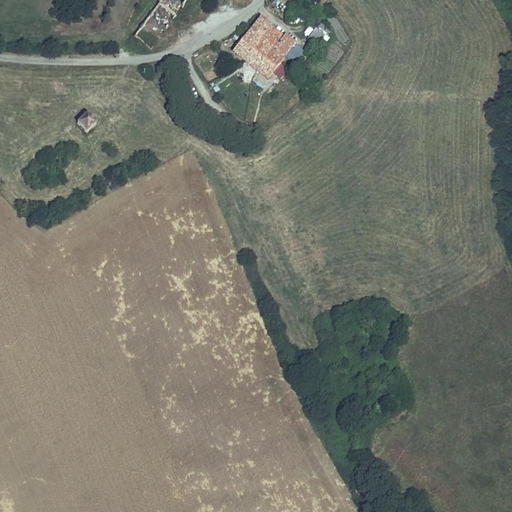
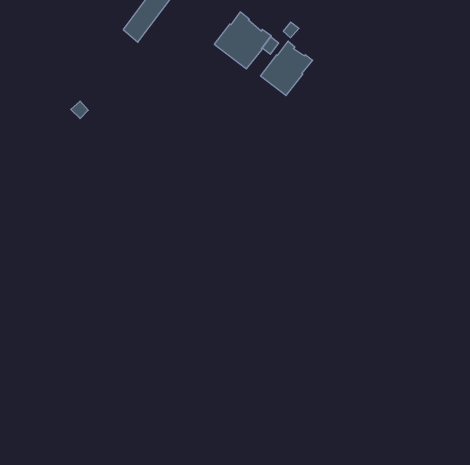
building: none -> [261,41,313,96]

